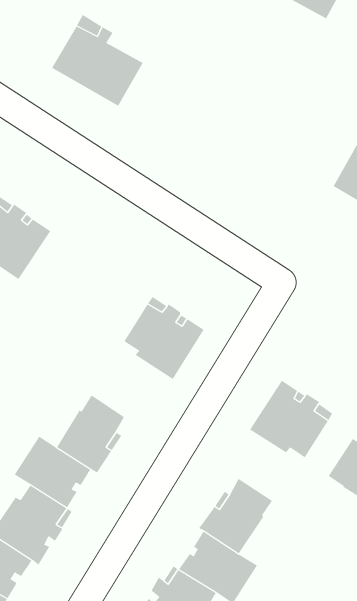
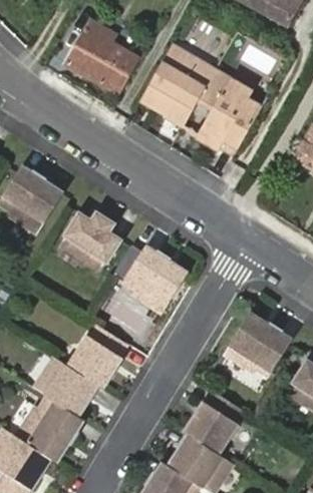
building: none -> [139,43,262,155]
building: none -> [60,212,122,272]

